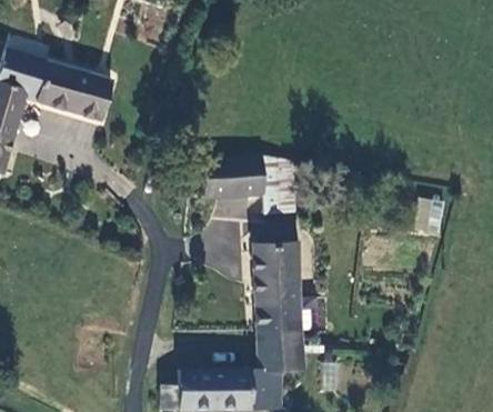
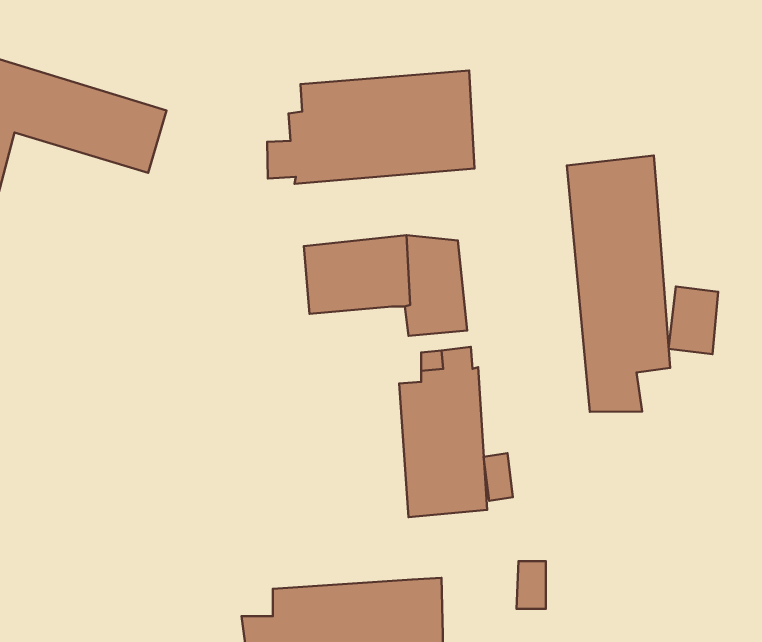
building: none -> [267,70,475,184]
building: none -> [567,155,670,412]
building: [256,325,308,368] -> none

